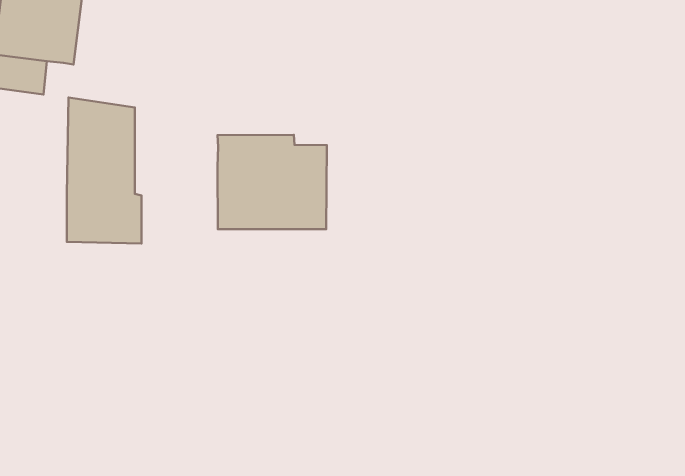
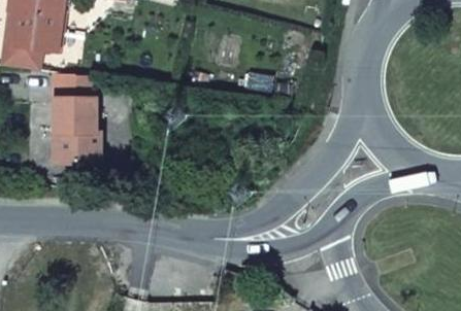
building: [218,135,327,229] -> none

